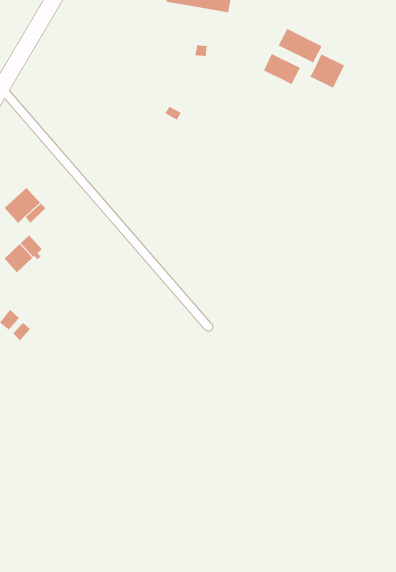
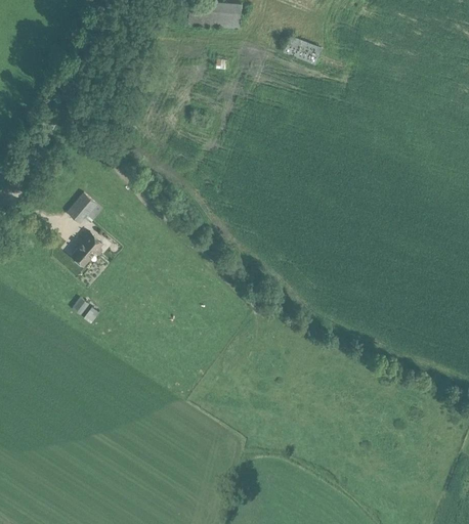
building: [263,53,300,85] -> none
building: [309,54,345,88] -> none

